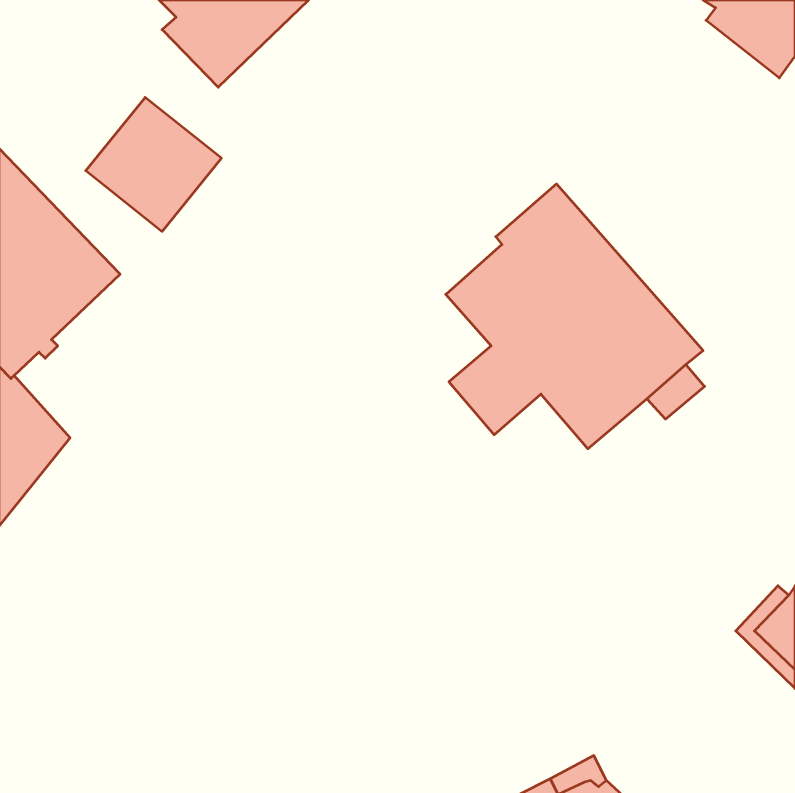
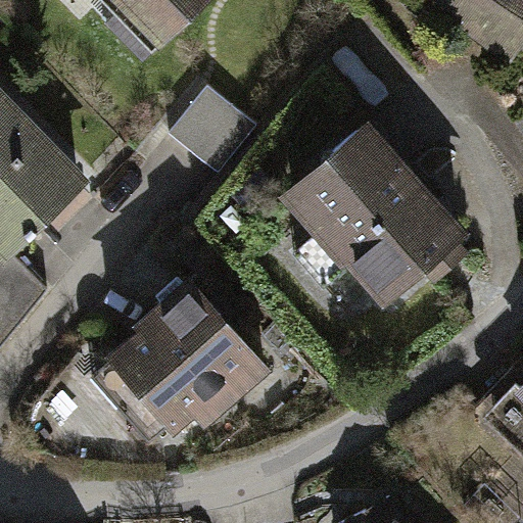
building: [86,97,221,231] -> [169,86,257,174]
building: none -> [91,276,264,443]

